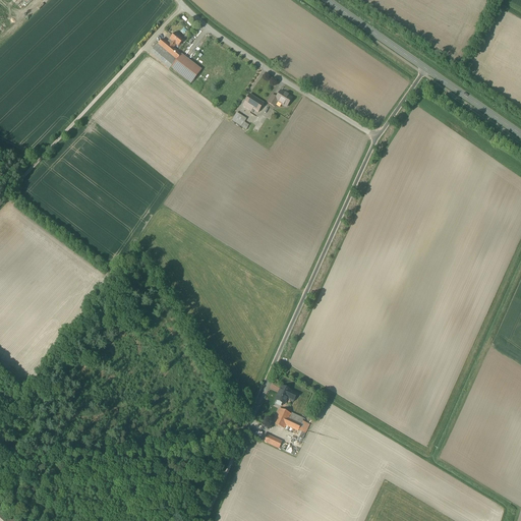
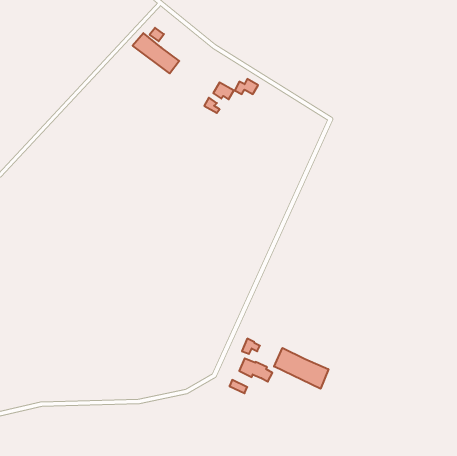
building: none -> [274,348,328,389]

